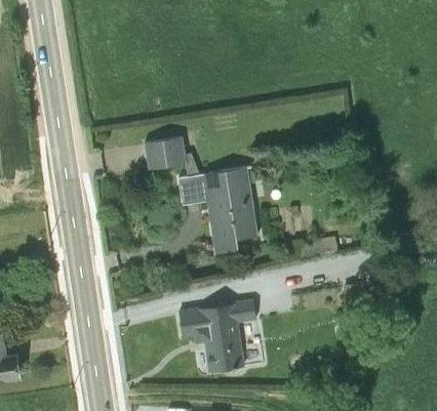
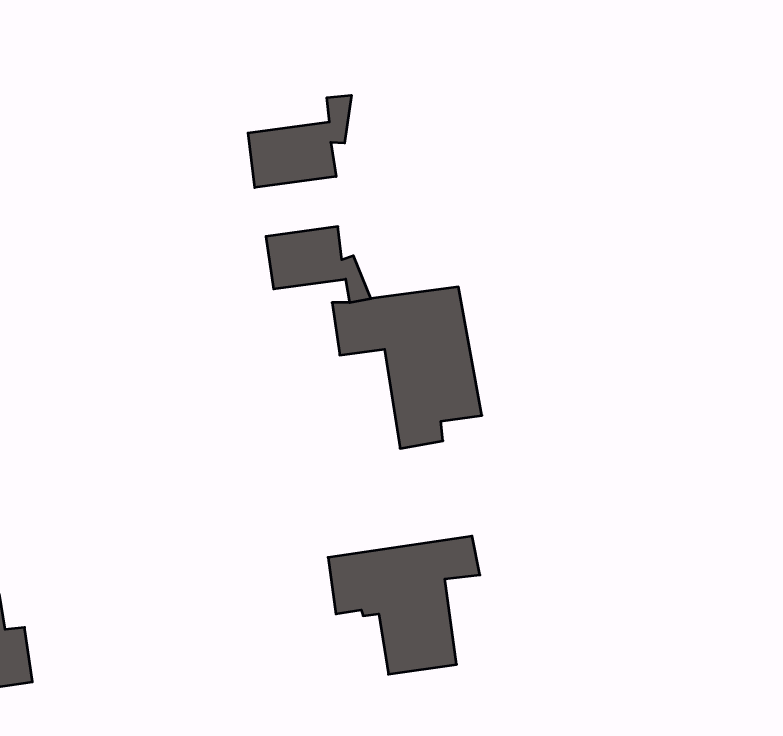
building: none -> [248,95,351,188]

